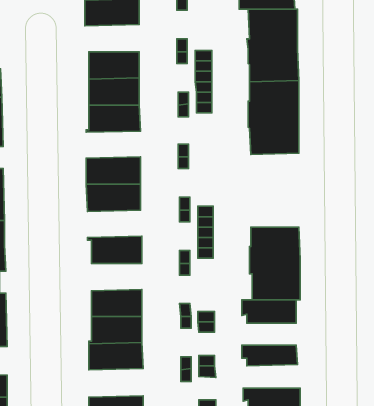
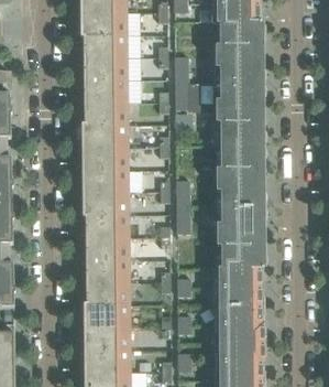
building: none -> [80,34,127,57]
building: none -> [81,125,128,148]
building: none -> [220,143,262,206]
building: none -> [83,192,129,215]
building: none -> [86,237,129,260]
building: none -> [213,288,260,307]
building: none -> [215,323,263,343]
building: none -> [84,326,130,351]

